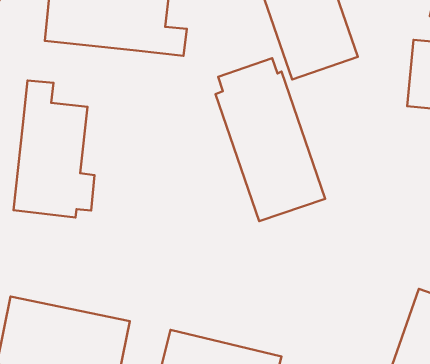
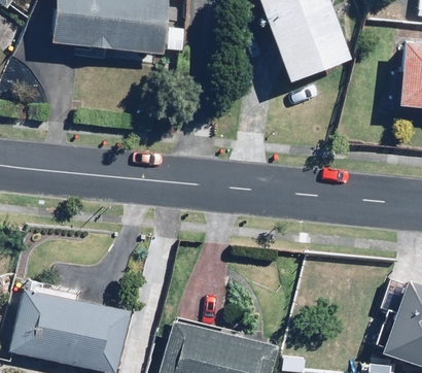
building: [216,58,325,221] -> none
building: [13,80,95,217] -> none

